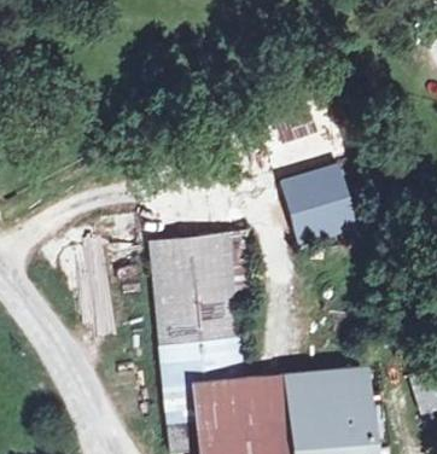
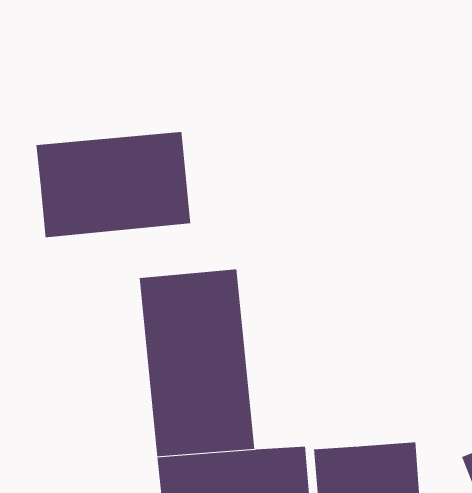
building: none -> [36,131,191,238]
building: [281,167,356,244] -> none

